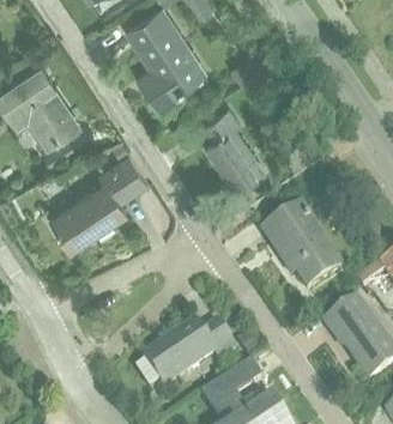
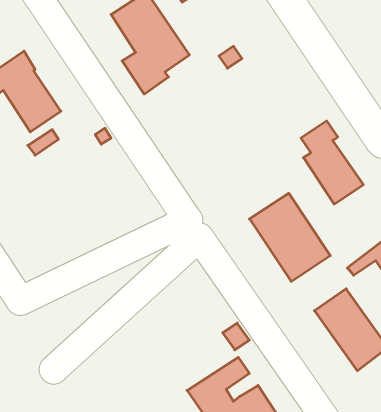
building: [202,111,264,193] -> [301,121,363,204]
building: [50,158,146,250] -> none
building: [135,325,234,389] -> none

